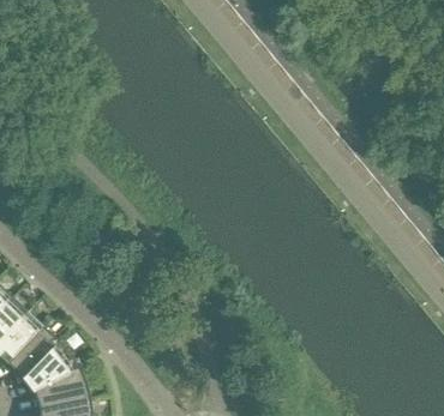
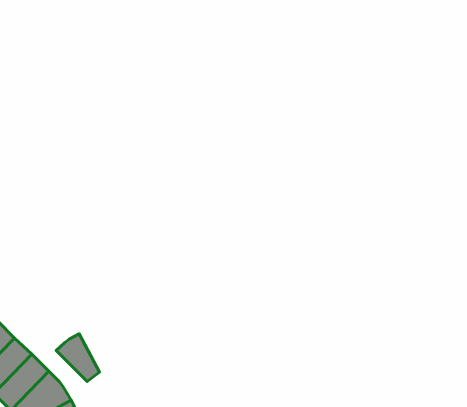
building: none -> [56,334,100,382]

